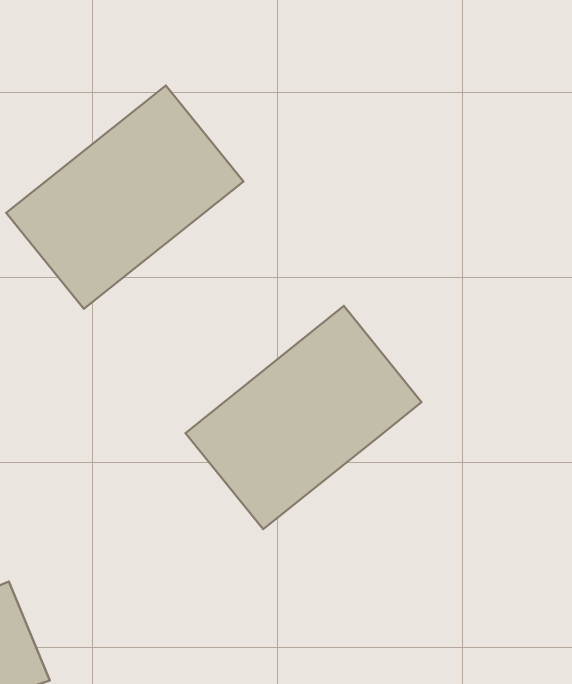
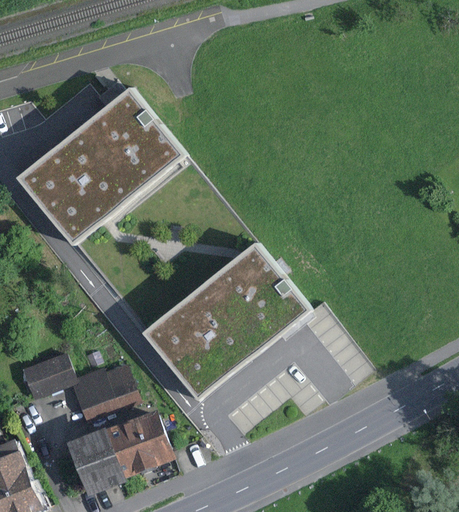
building: none -> [20,354,140,425]
building: none -> [66,411,174,498]

